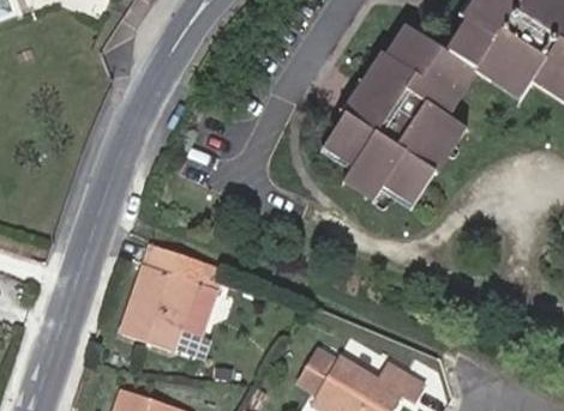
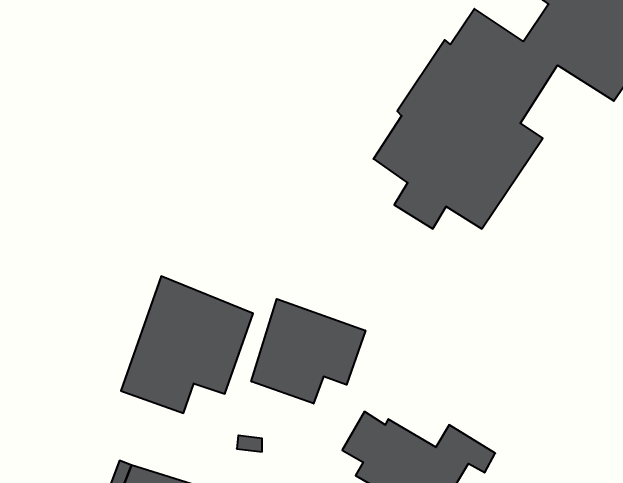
building: none -> [251,299,365,404]

